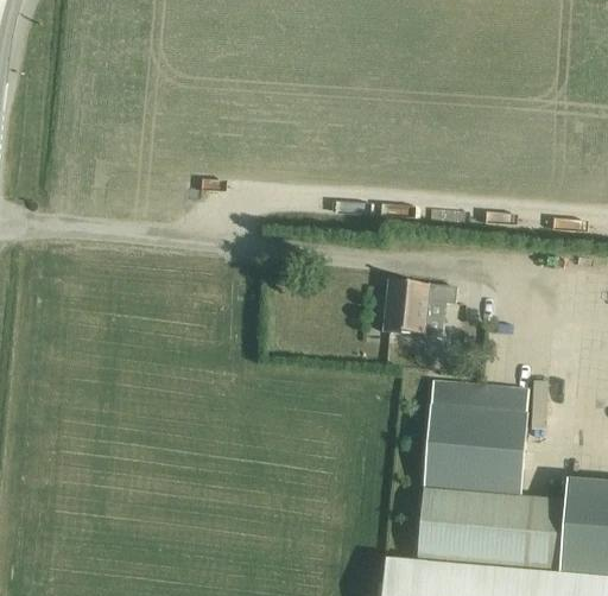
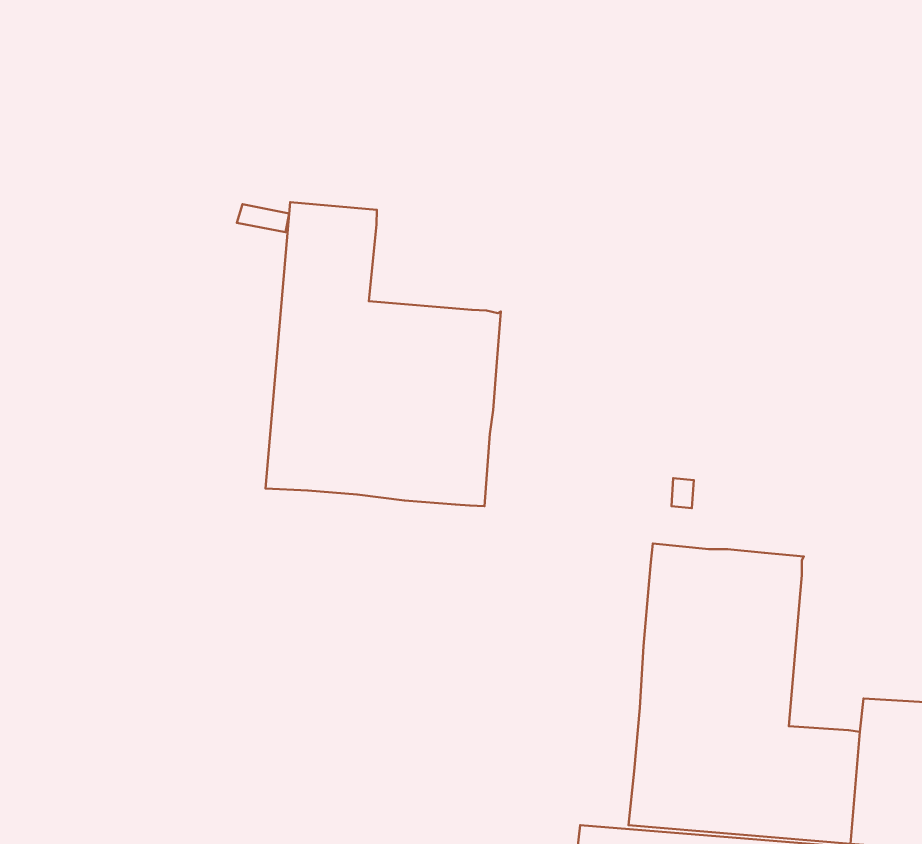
building: none -> [265,202,501,506]
building: [384,283,457,338] -> none

